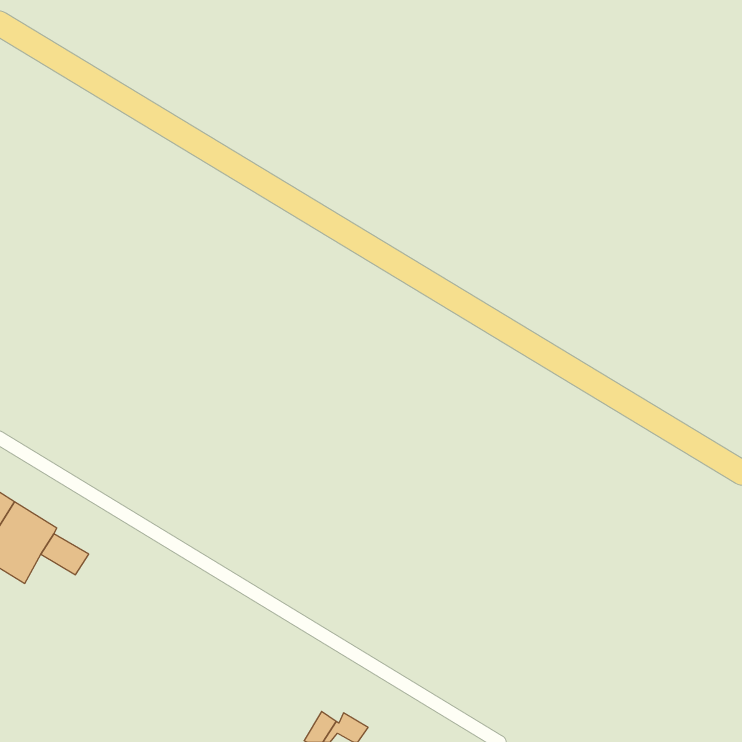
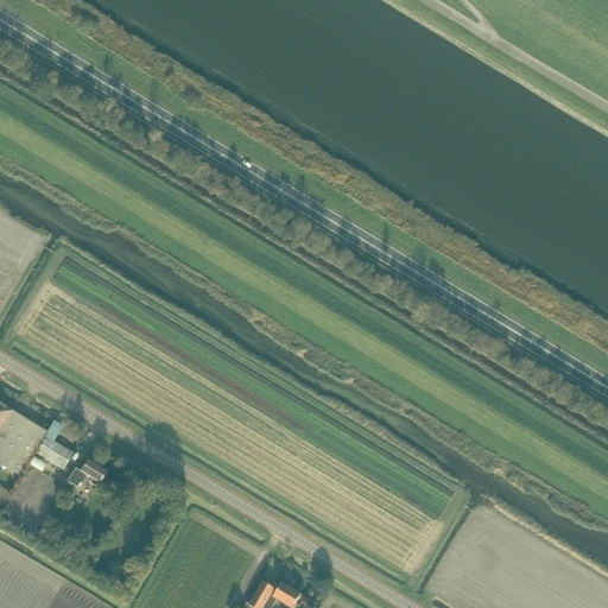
building: none -> [66,461,104,487]

